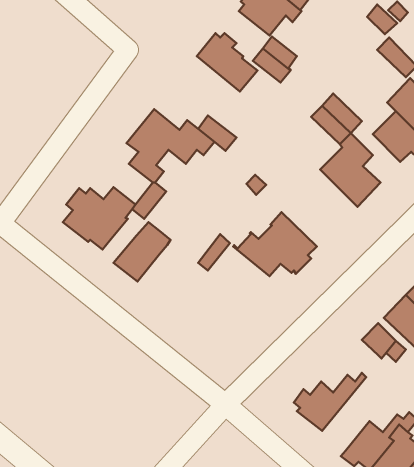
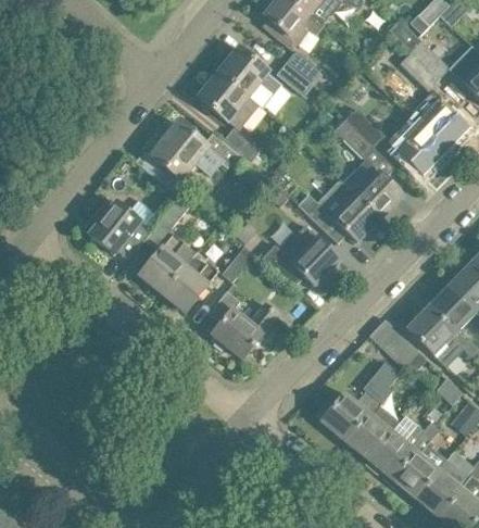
building: none -> [198,70,263,129]
building: none -> [306,179,379,242]
building: none -> [162,256,217,312]
building: none -> [207,290,277,357]
building: none -> [344,387,399,460]

